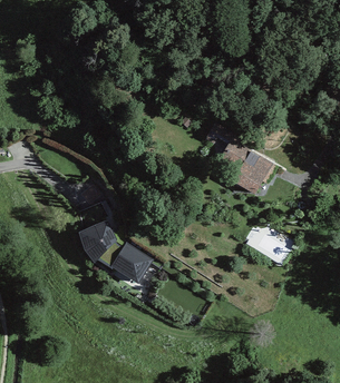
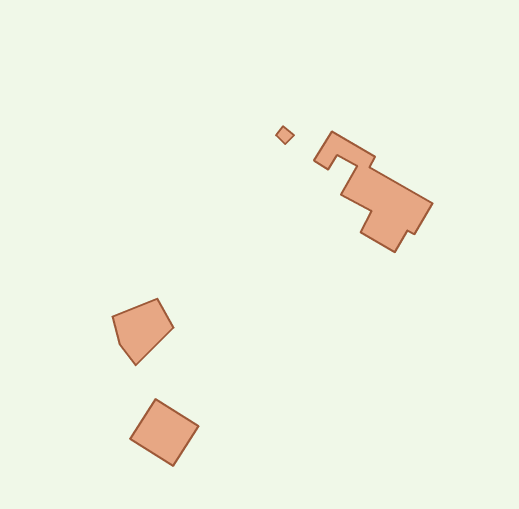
building: [110,242,153,283] -> [130,399,199,466]

